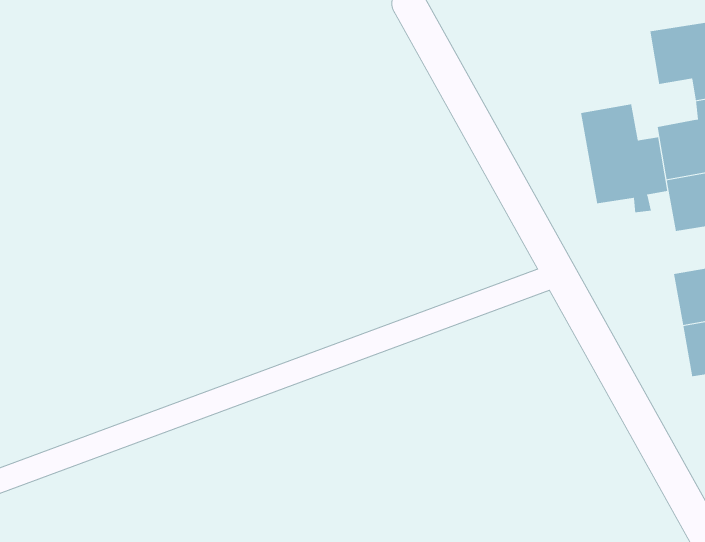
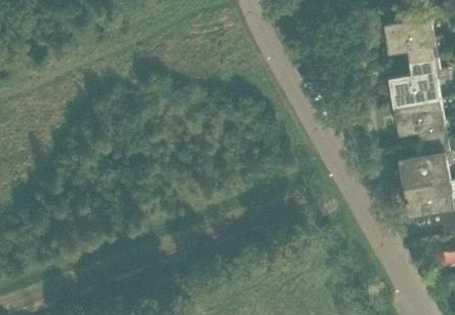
building: [580,104,668,213] -> none

